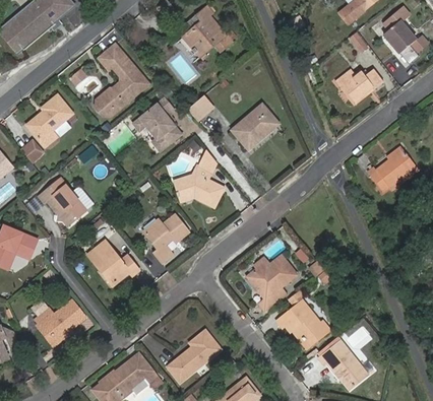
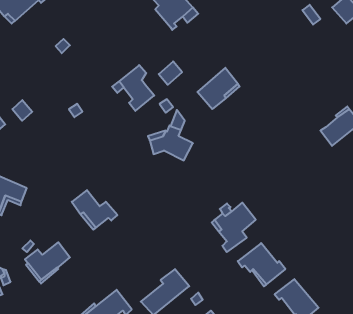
building: [97,45,148,117] -> none
building: [334,69,382,103] -> none
building: [25,93,71,146] -> none
building: [38,178,86,225] -> none
building: [142,214,188,262] -> none

